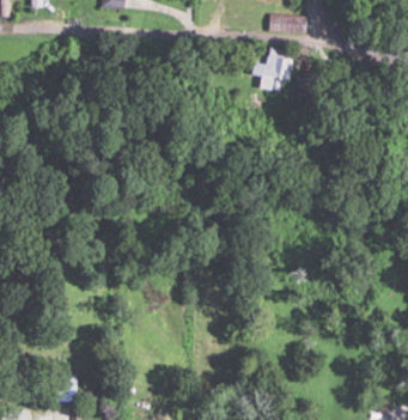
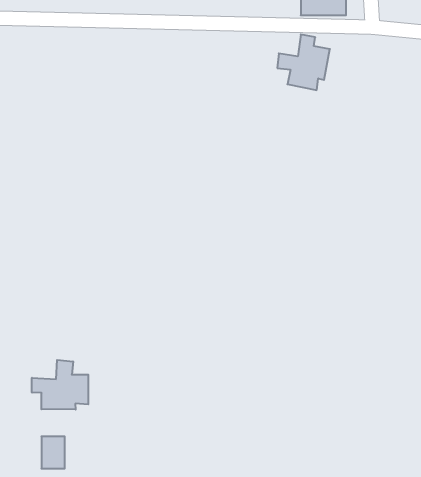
building: none -> [32,360,88,410]

